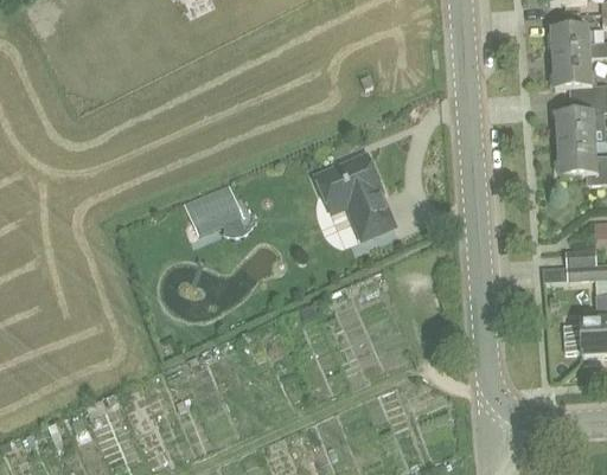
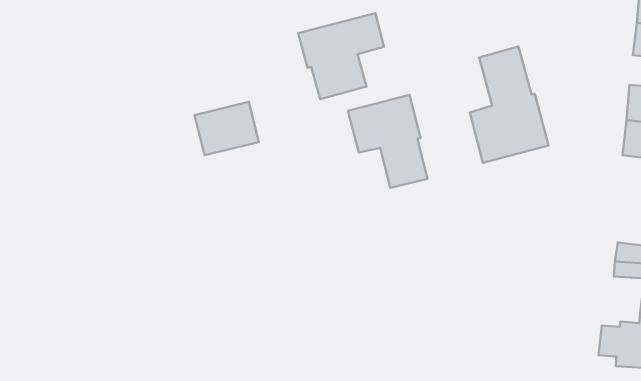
building: none -> [298,13,384,99]
building: none -> [470,46,549,163]

